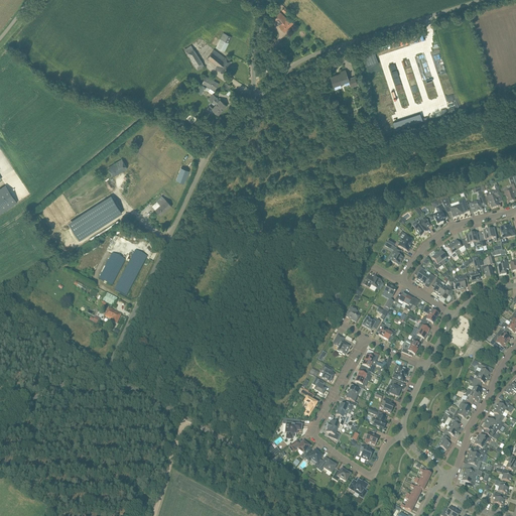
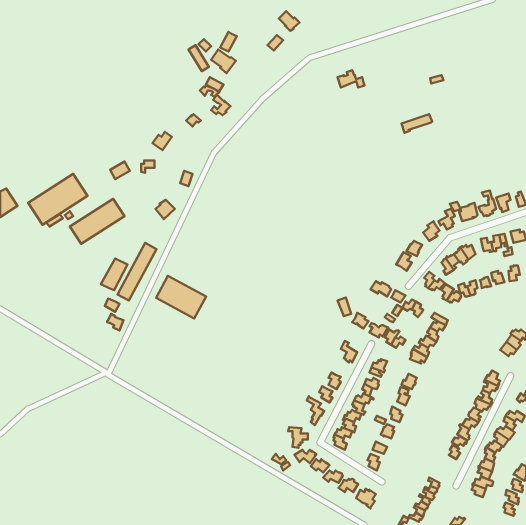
building: none -> [28,174,87,225]
building: none -> [156,276,206,318]

